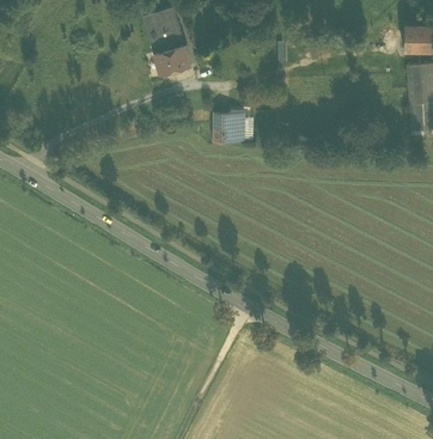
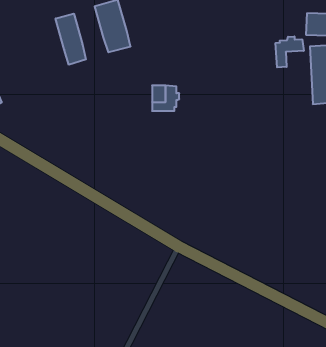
building: none -> [56,14,86,65]
building: none -> [276,36,304,67]

